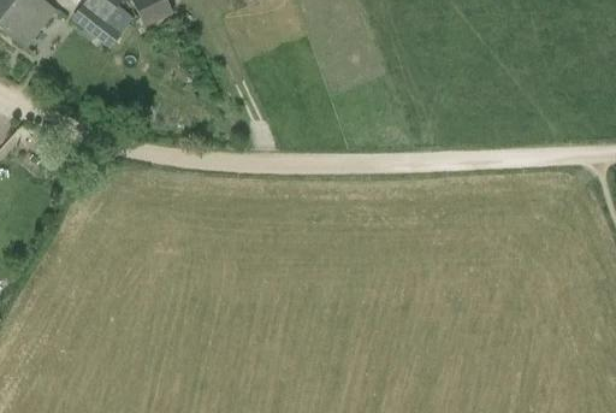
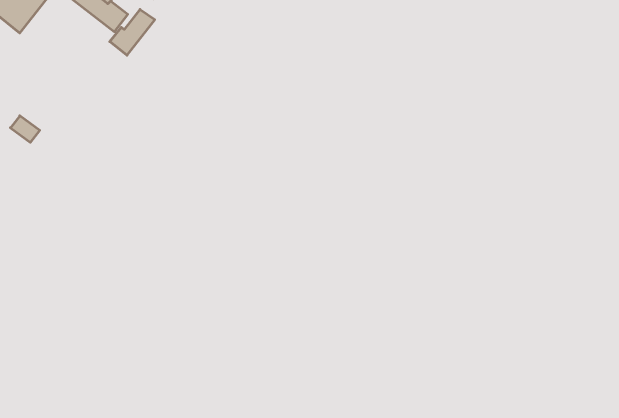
building: none -> [110,9,155,55]

